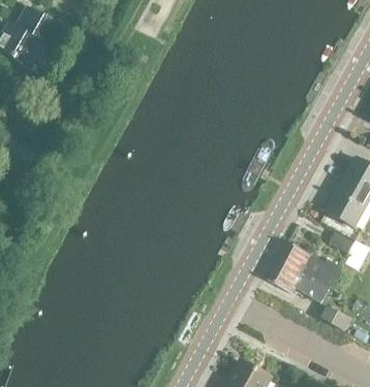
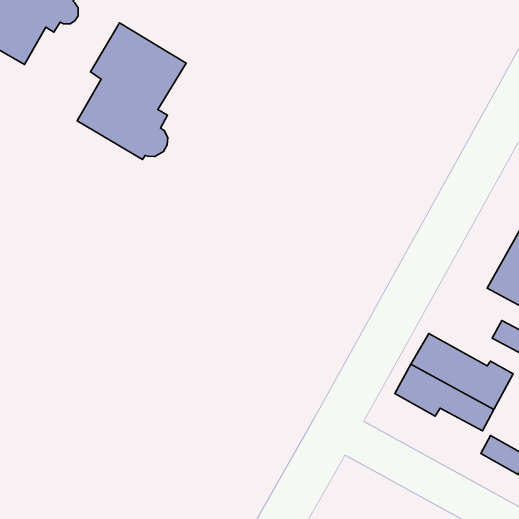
building: none -> [77,23,186,159]

